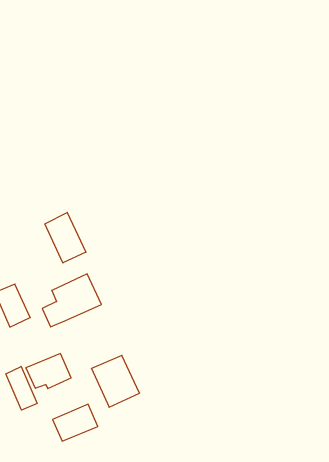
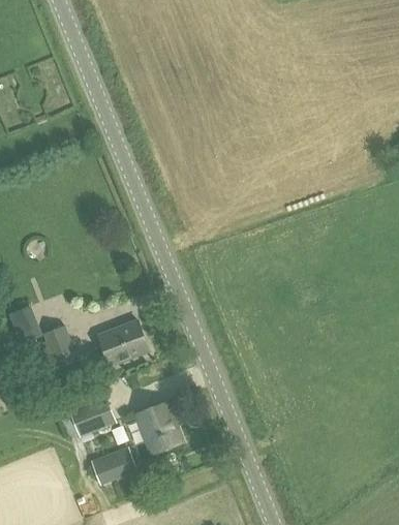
building: [45,212,86,263] -> none
building: [6,366,37,410] -> none

